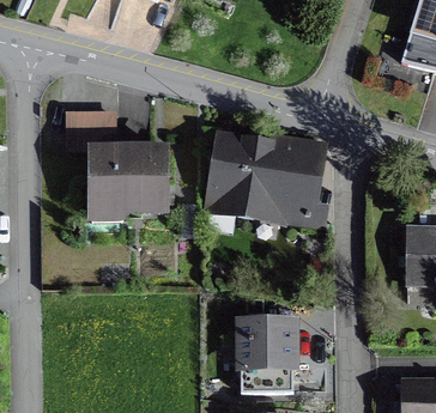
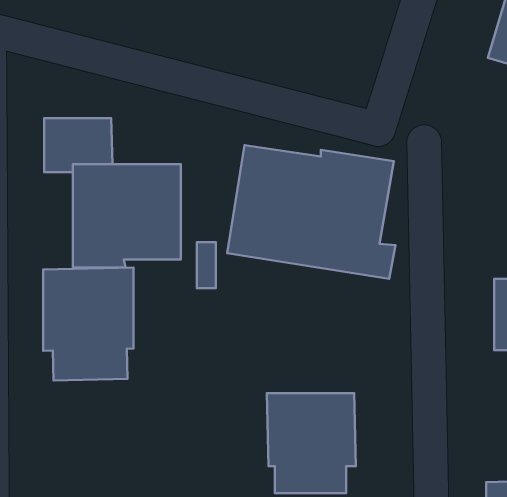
building: none -> [43,267,133,381]

